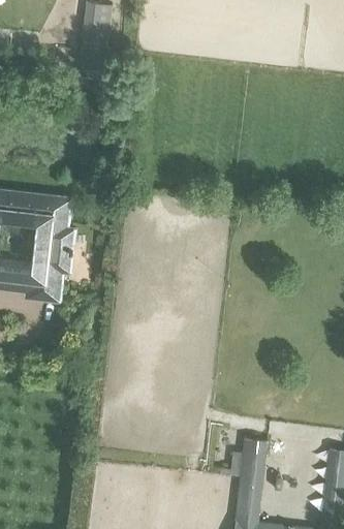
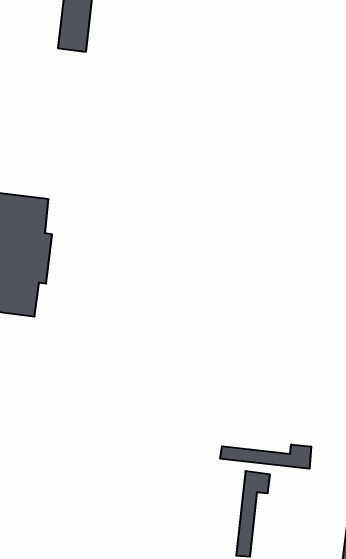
building: none -> [220,444,311,469]

